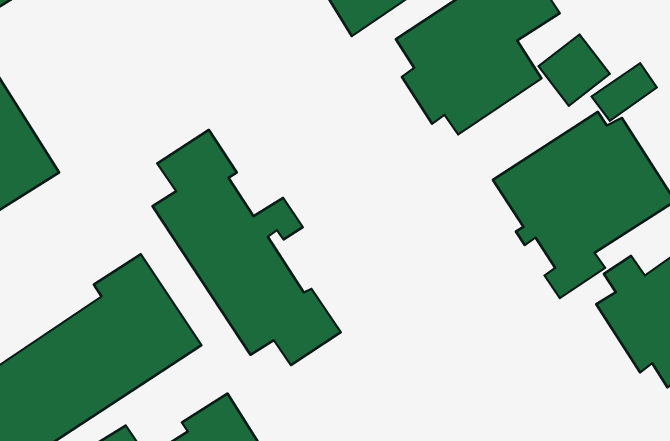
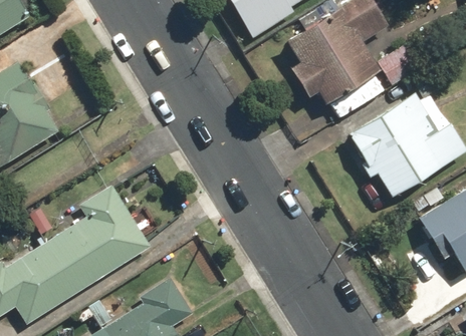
building: [153,130,341,365] -> none

